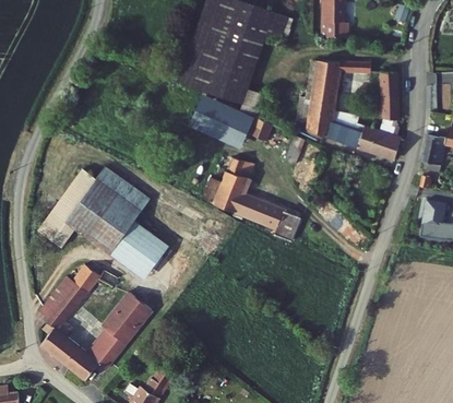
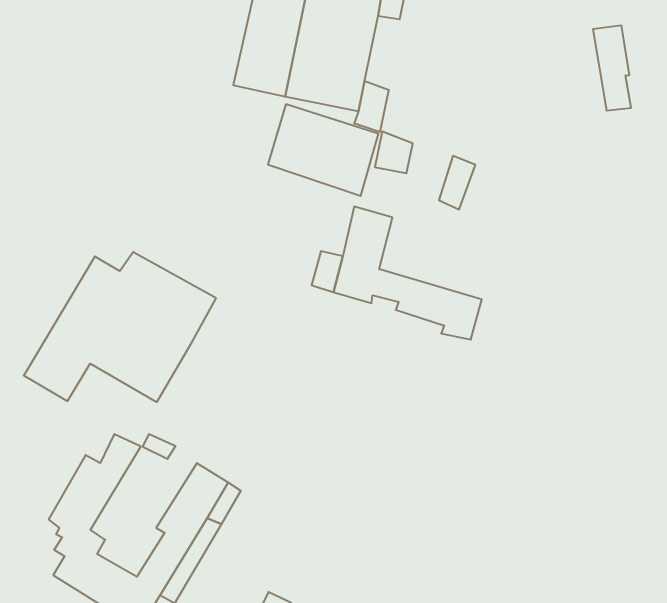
building: [294,60,402,161] -> none
building: [110,222,168,278] -> none

